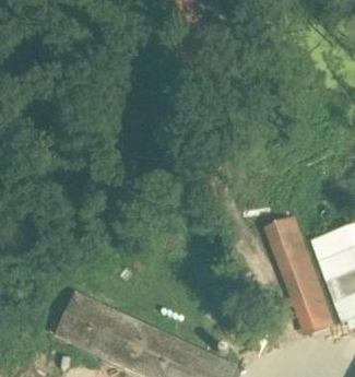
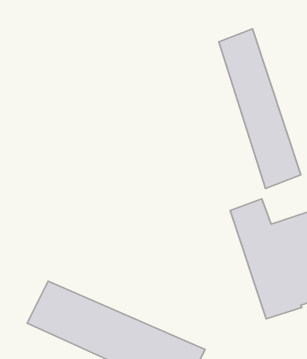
building: none -> [219,29,301,188]

